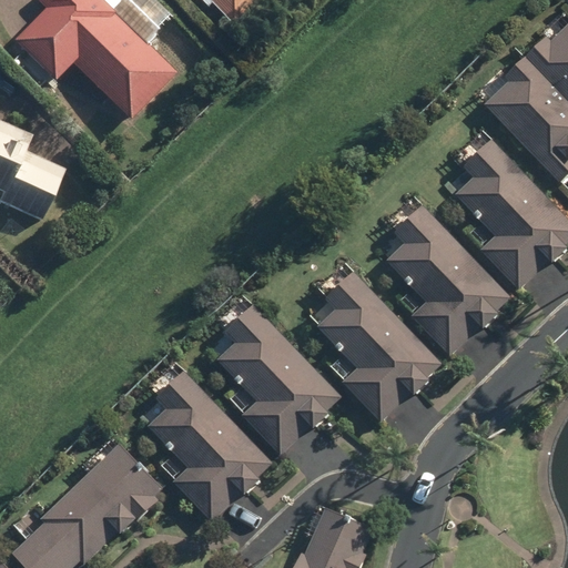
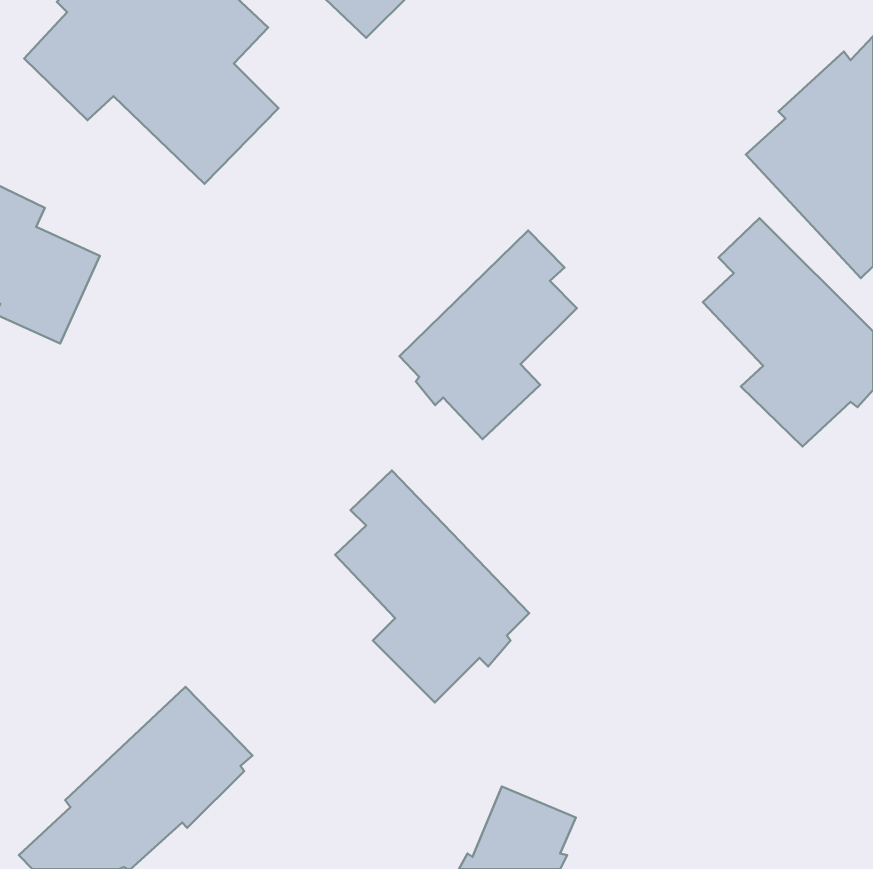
building: none -> [400,231,577,439]
building: [385,205,510,355] -> none
building: [316,272,442,422] -> none
building: [146,371,272,520] -> none

